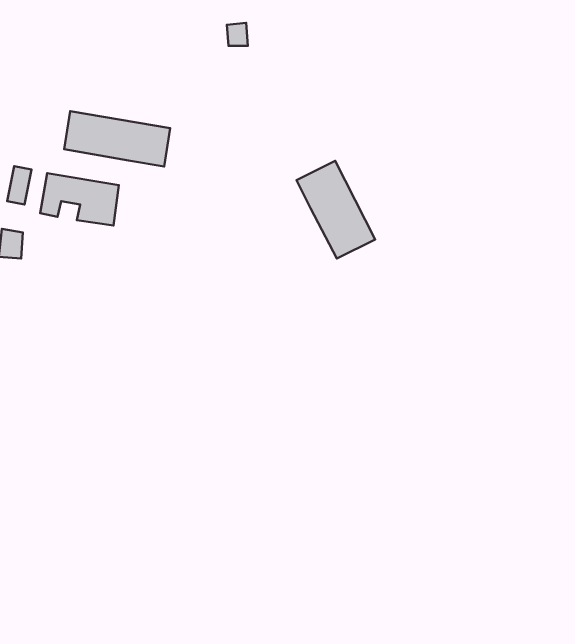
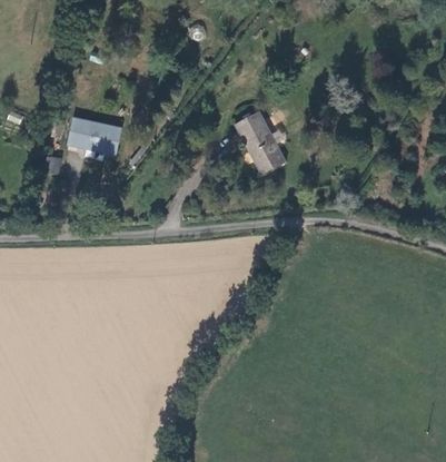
building: [64,111,170,166] -> none

